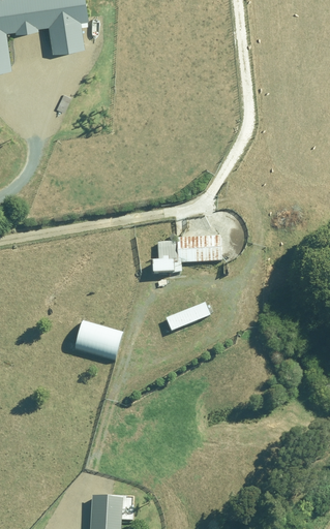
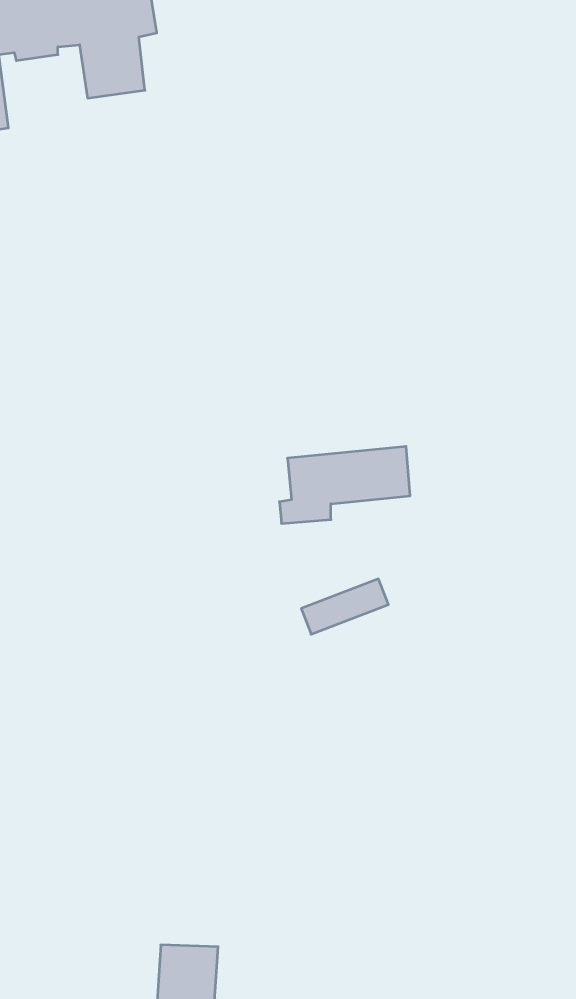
building: [74,320,123,360] -> none

